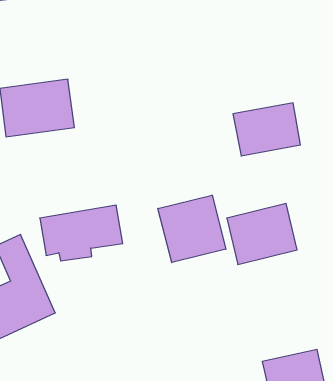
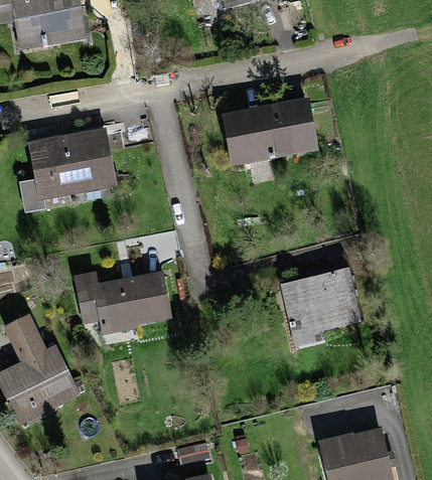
building: [233,103,300,156] -> [239,102,313,160]
building: [158,195,226,263] -> none

